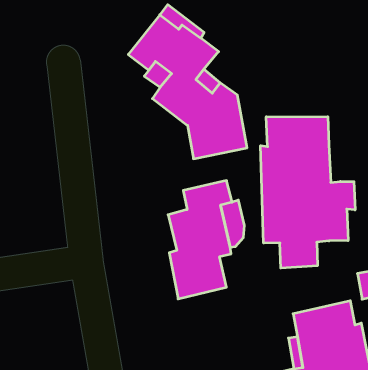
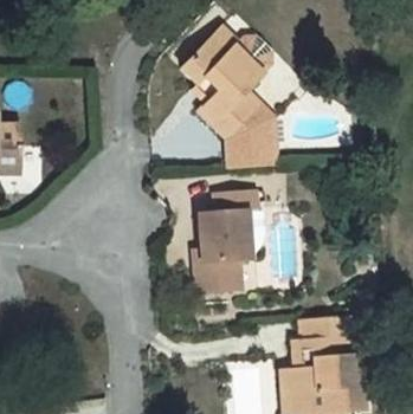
building: [261,117,355,268] -> none

